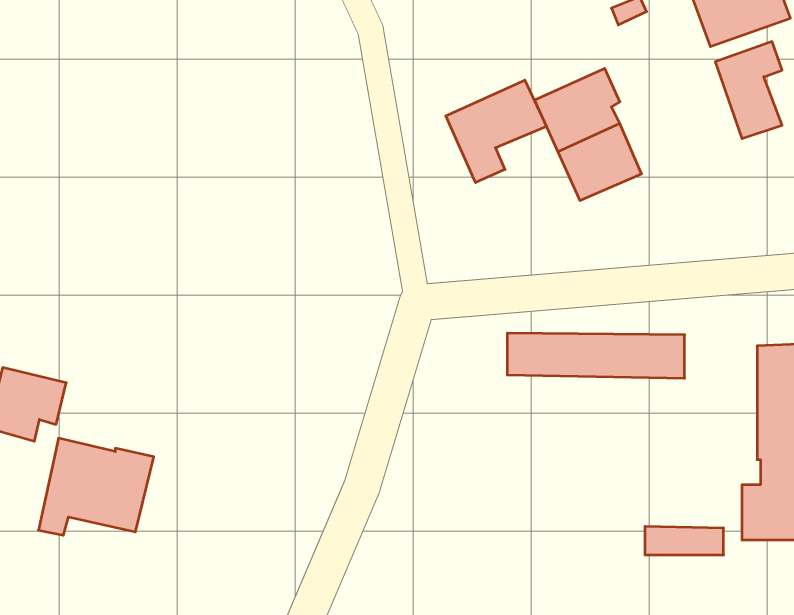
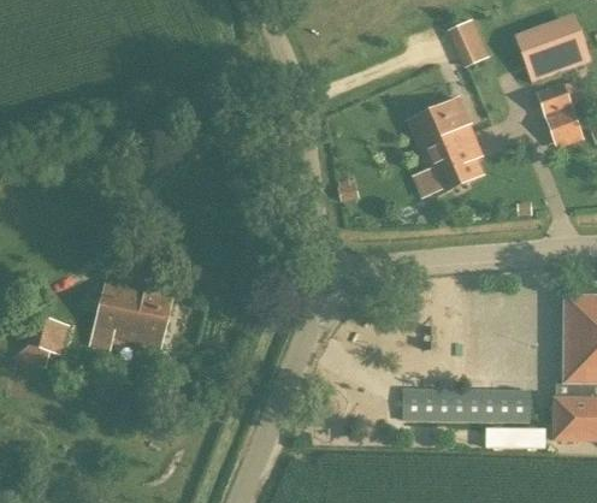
building: [446,80,546,183] -> none
building: [507,333,685,378] -> [402,390,530,422]
building: [38,438,154,535] -> [90,279,173,349]

